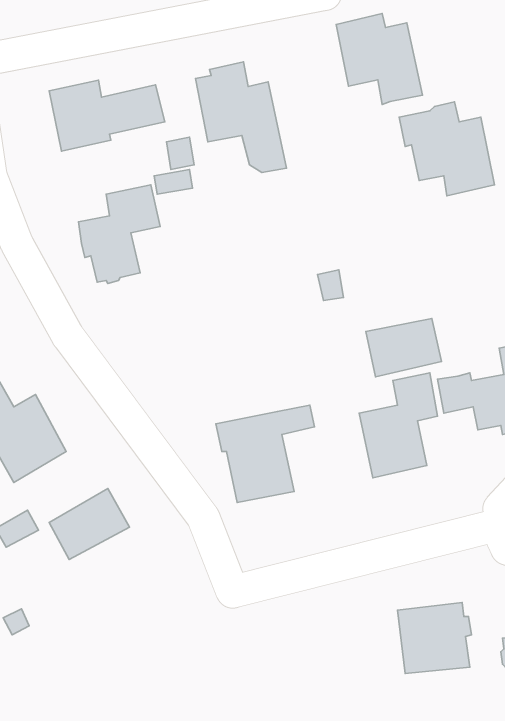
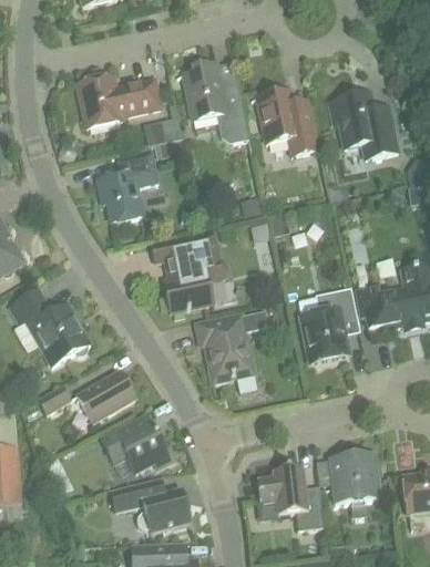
building: [336,14,422,105] -> [256,90,318,155]
building: none -> [151,230,226,310]
building: [366,319,442,377] -> none
building: none -> [100,413,174,471]
building: none -> [256,465,322,528]
building: none -> [109,476,190,530]

